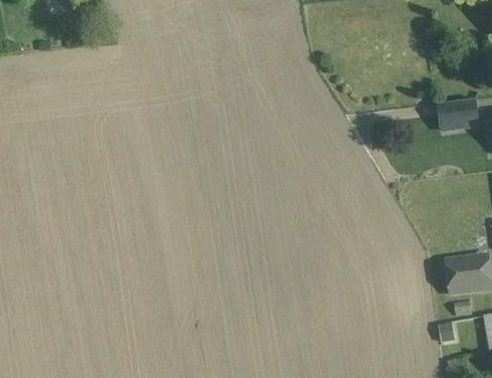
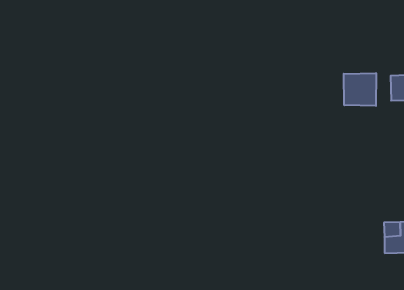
building: none -> [344,73,376,106]

